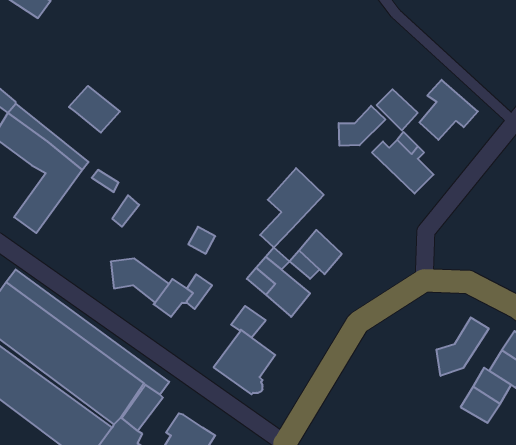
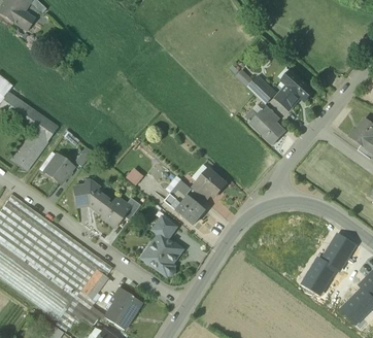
building: [69,86,120,133] -> none
building: [339,106,385,146] -> none
building: [260,168,324,247] -> none
building: none -> [44,153,73,182]
building: [437,317,489,376] -> none

